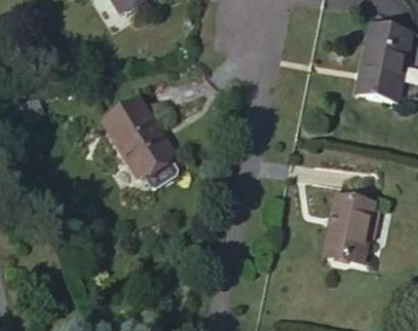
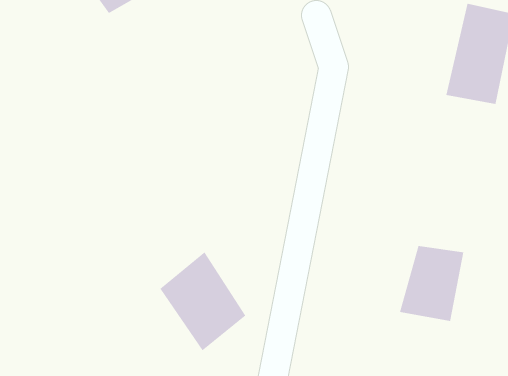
building: [99,105,165,182] -> [159,251,246,351]

